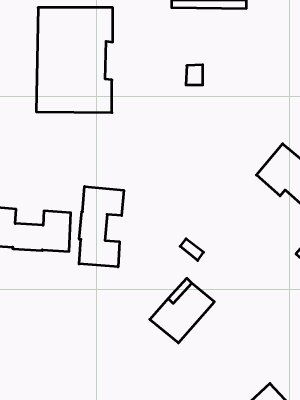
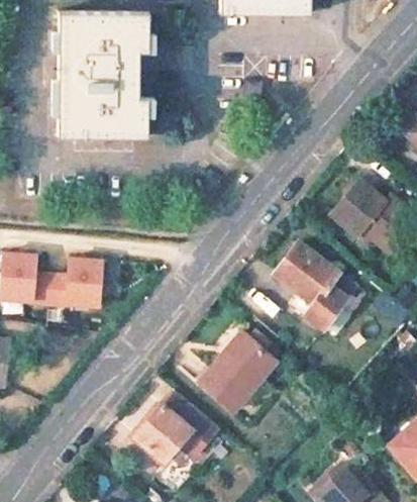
building: [79,186,124,267] -> none
building: none -> [268,245,352,326]
building: none -> [132,389,216,460]

